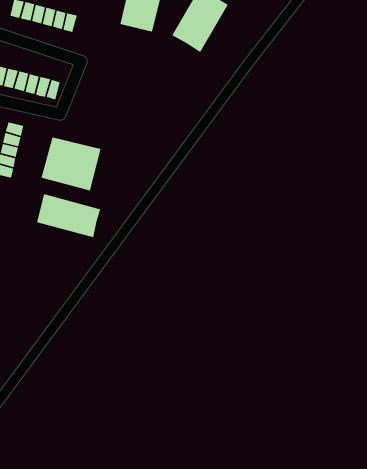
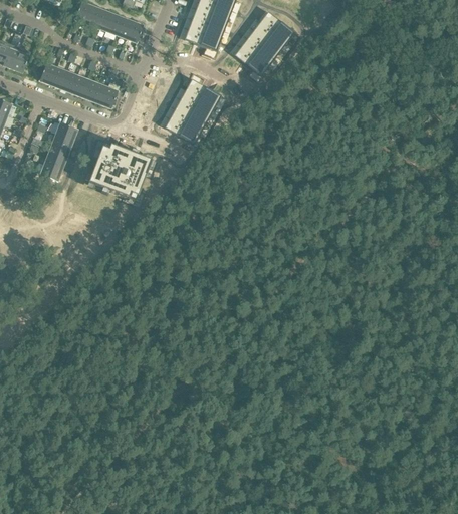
building: none -> [164,76,221,143]
building: [36,193,101,238] -> none

